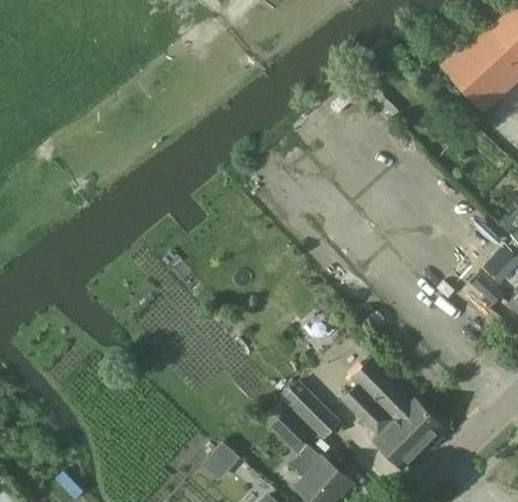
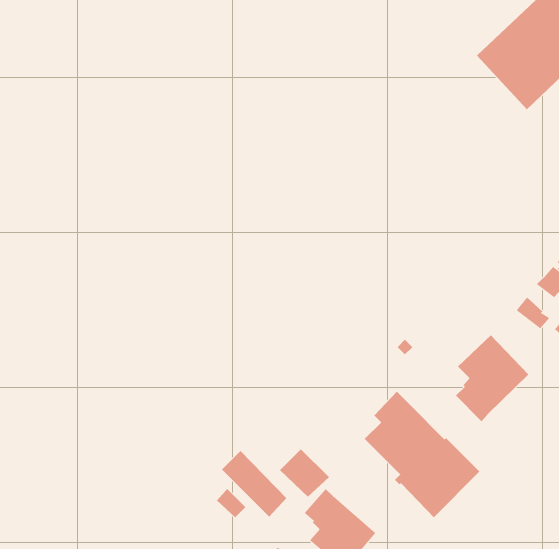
building: none -> [455,334,529,422]
building: [282,382,339,440] -> [221,450,287,517]

